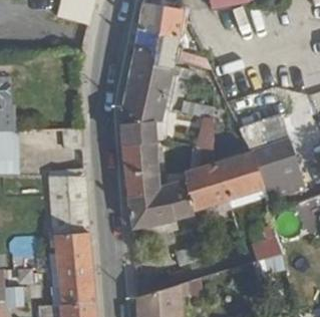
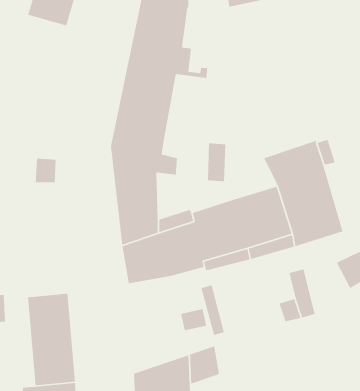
building: [48,171,87,237] -> none

